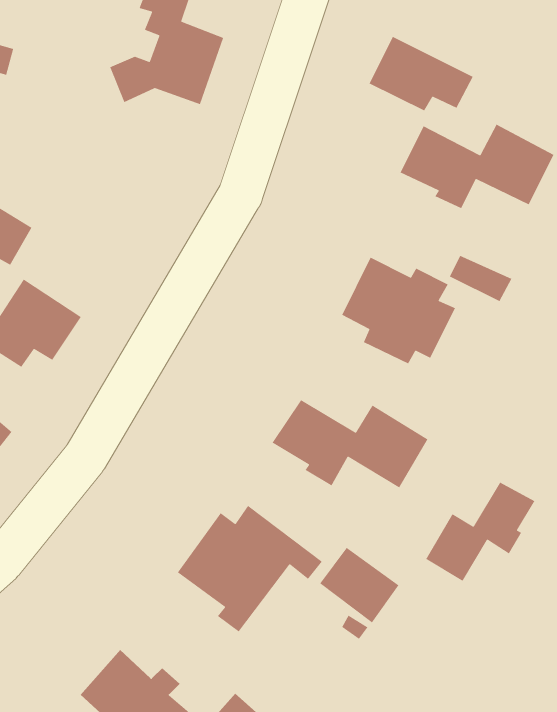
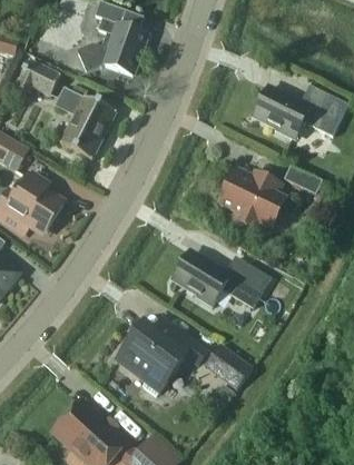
building: [369,36,474,112] -> none
building: none -> [14,58,60,96]
building: none -> [53,86,116,159]
building: [425,482,535,582] -> none

